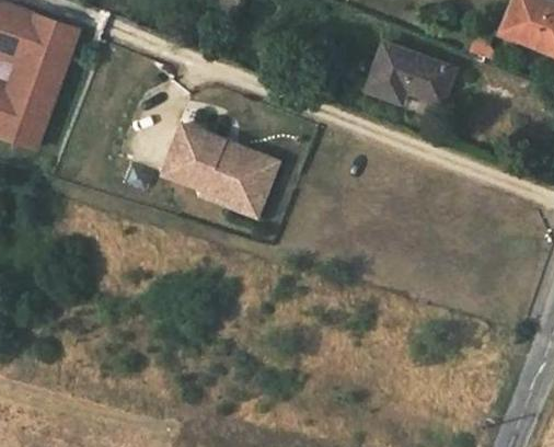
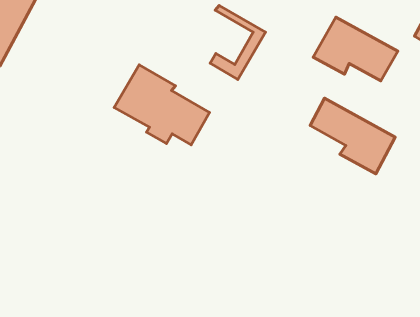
building: none -> [310,98,395,174]
building: [222,141,279,217] -> [210,5,266,80]

